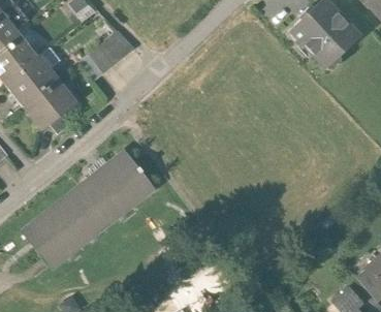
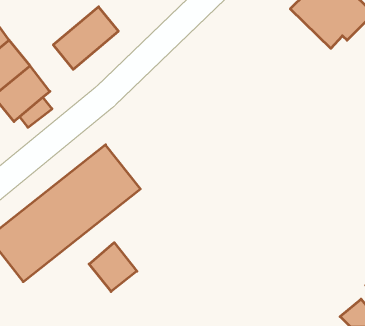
building: none -> [89,243,137,292]

